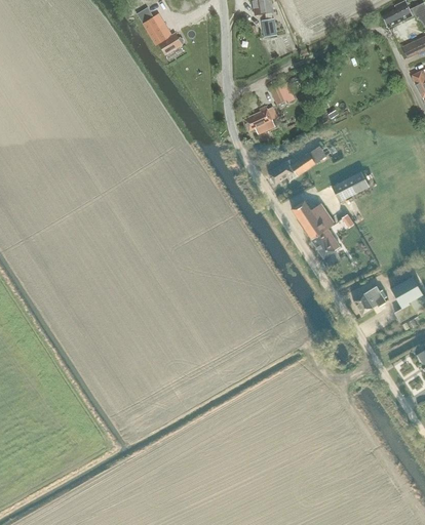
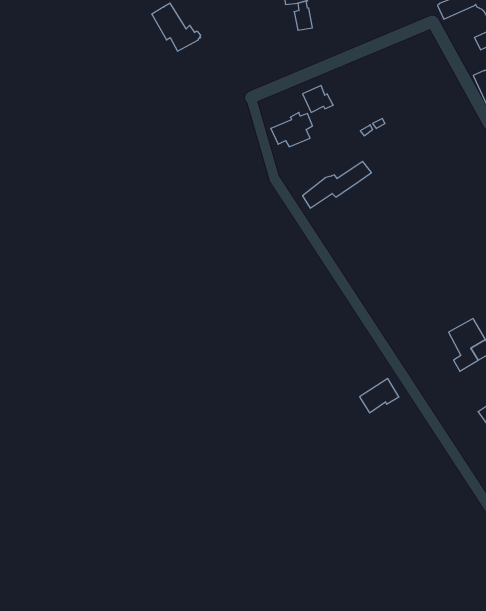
building: [333,172,370,202] -> none
building: [293,200,340,256] -> none
building: [353,285,386,314] -> [360,378,399,413]

